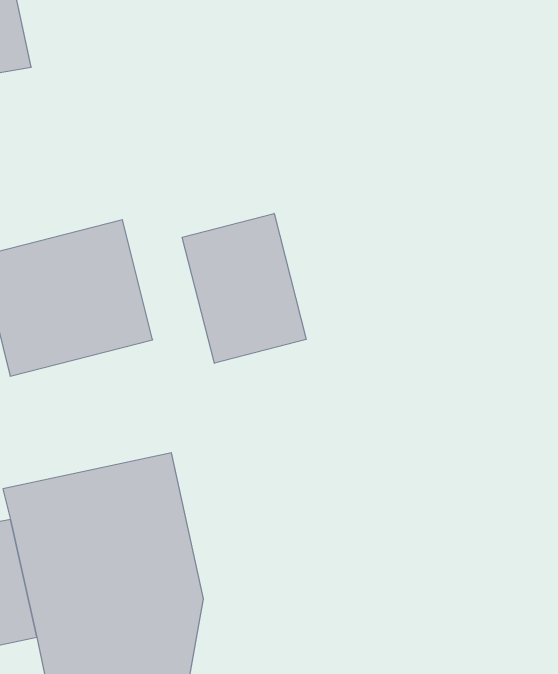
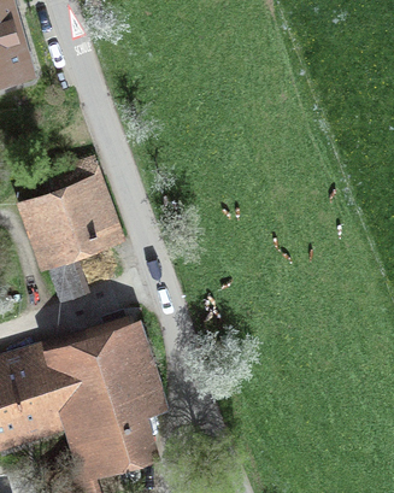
building: [182,213,306,363] -> none

